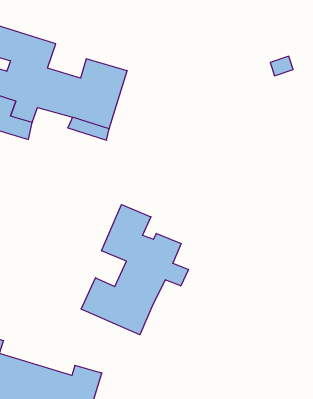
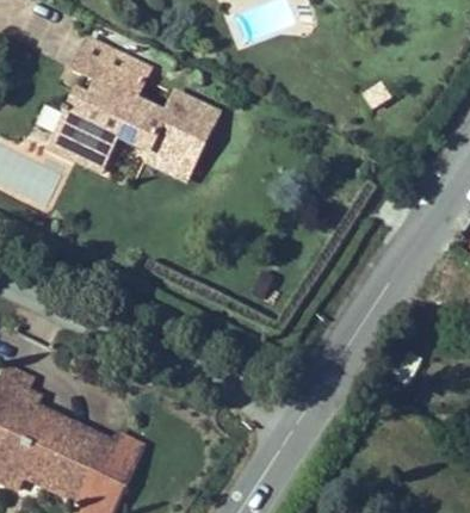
building: [81,205,188,335] -> none

